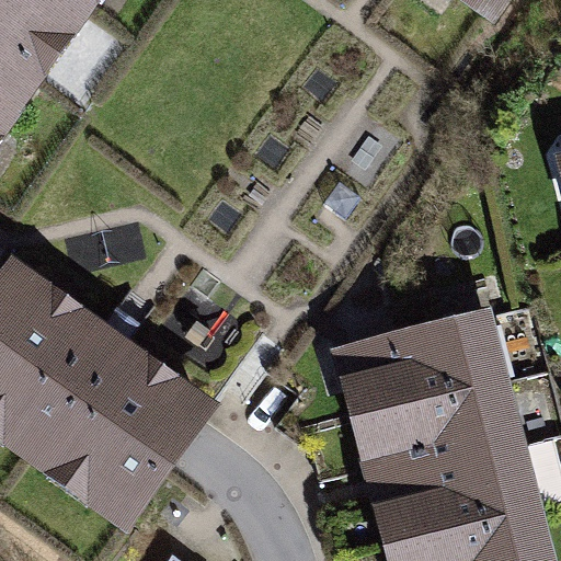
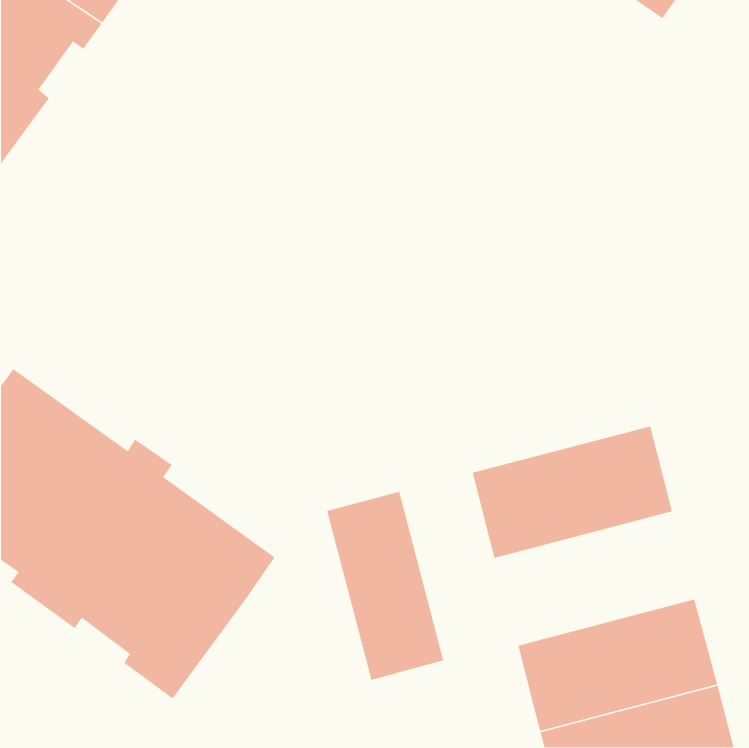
building: none -> [326,491,444,681]
building: [369,382,519,482] -> none

